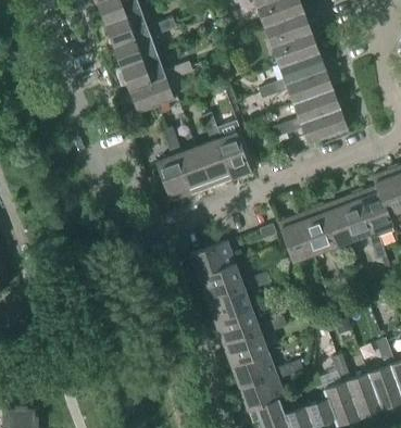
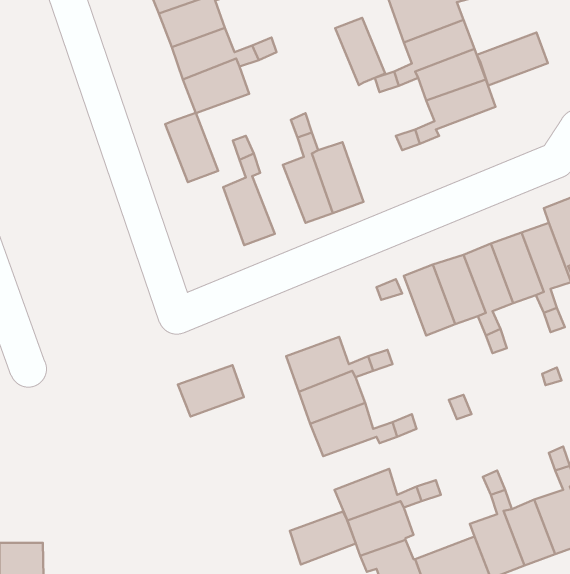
building: none -> [335,18,385,85]
building: [300,109,348,144] -> [477,32,548,86]
building: [176,148,212,194] -> [165,113,218,182]
building: [190,242,235,277] -> [178,365,244,417]
building: [224,331,268,367] -> [290,511,356,565]

